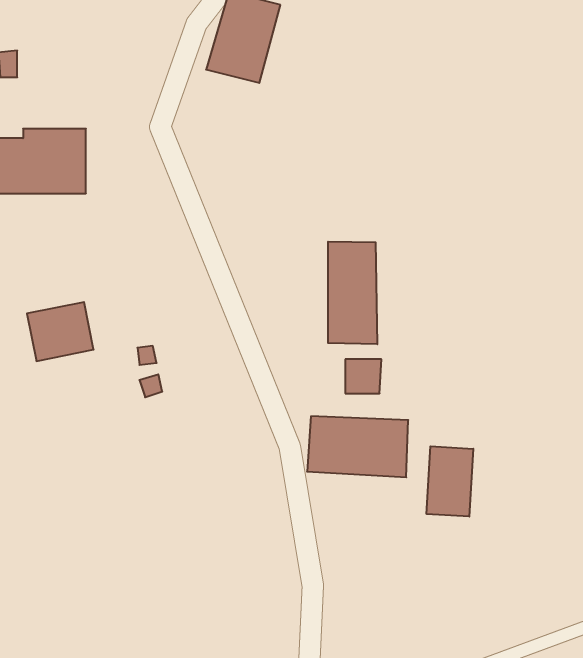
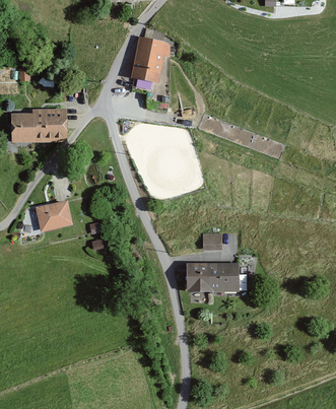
building: [328,242,377,344] -> none
building: [427,446,473,517] -> none

